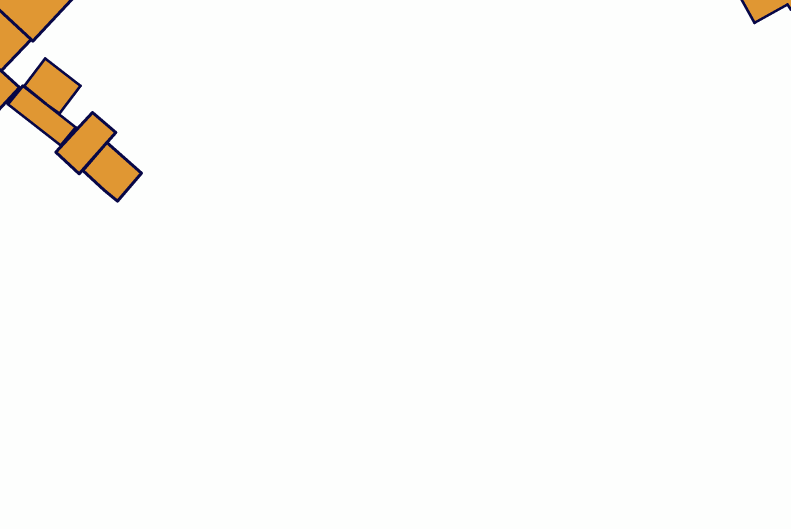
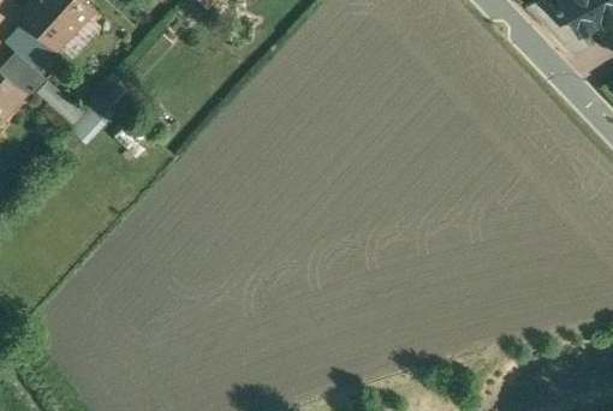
building: [24,58,80,114] -> none
building: [83,143,142,201] -> none

